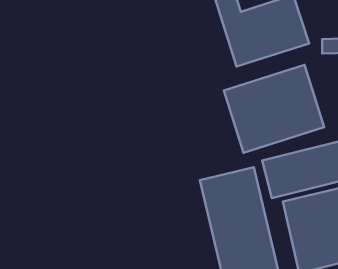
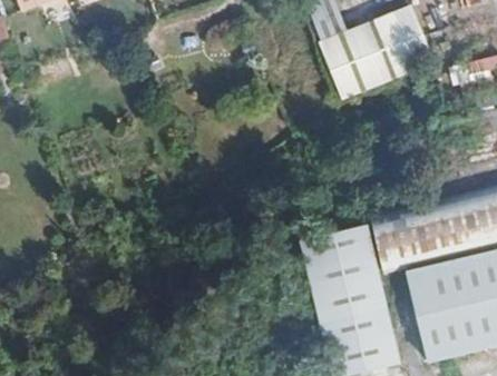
building: [224,65,324,153] -> none

